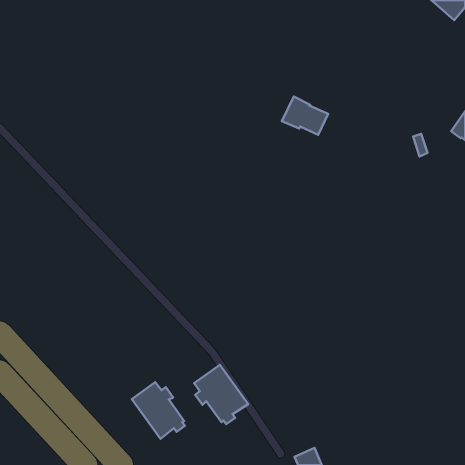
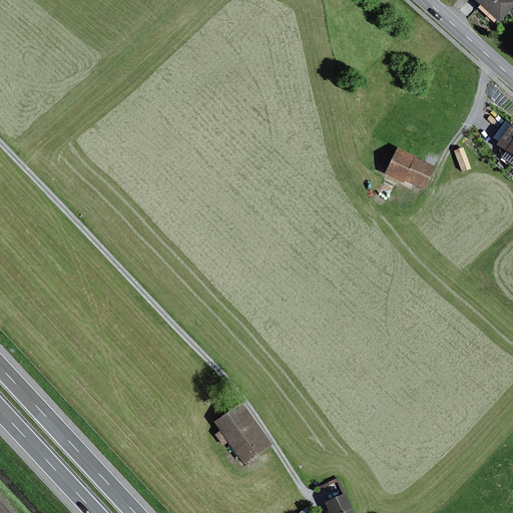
building: [282,96,328,135] -> [384,147,435,189]
building: [132,382,185,439] -> none

